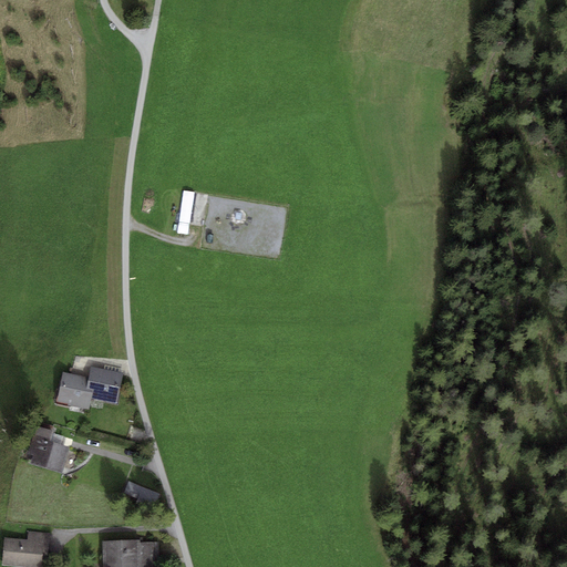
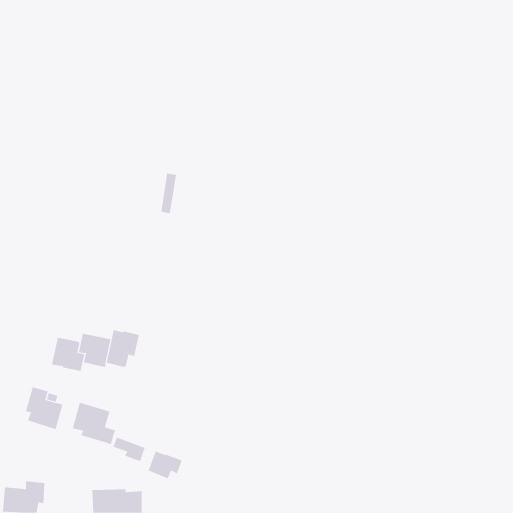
building: none -> [106,329,139,367]
building: none -> [72,402,116,445]
building: none -> [148,450,182,479]

